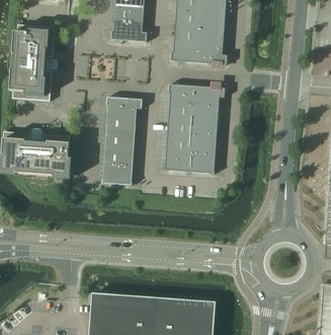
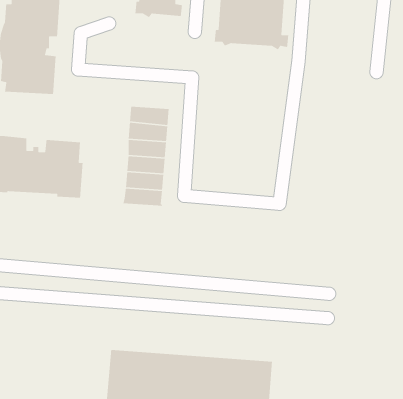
building: [164,80,225,173] -> none
building: [106,93,142,110] -> none

